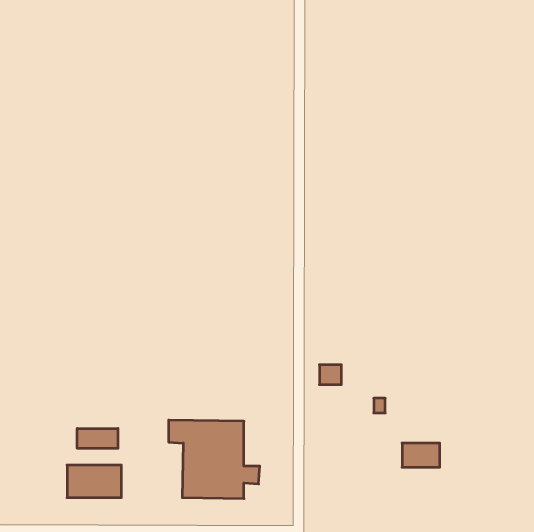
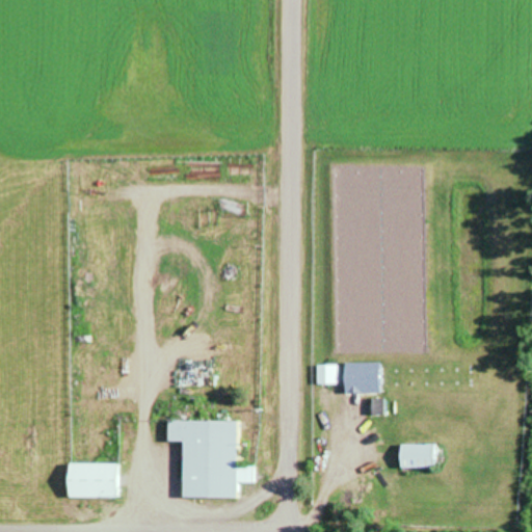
building: none -> [343,363,379,393]
building: [77,428,118,448] -> none

